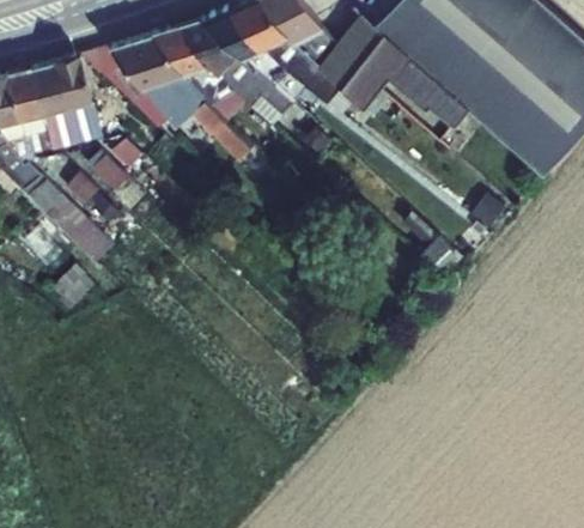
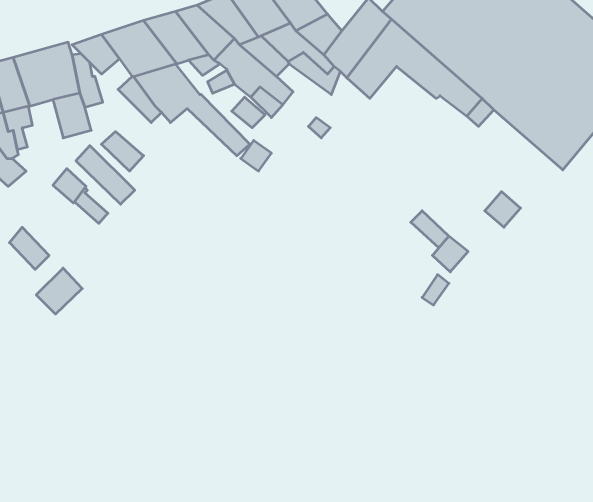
building: [37,108,75,152] -> none
building: [24,175,112,263] -> none

